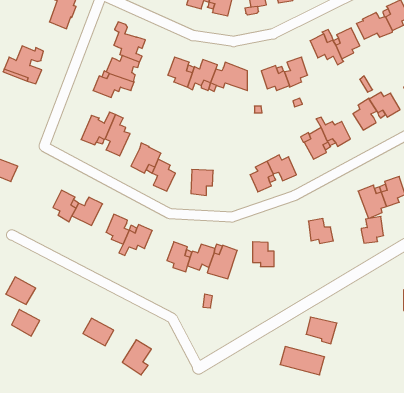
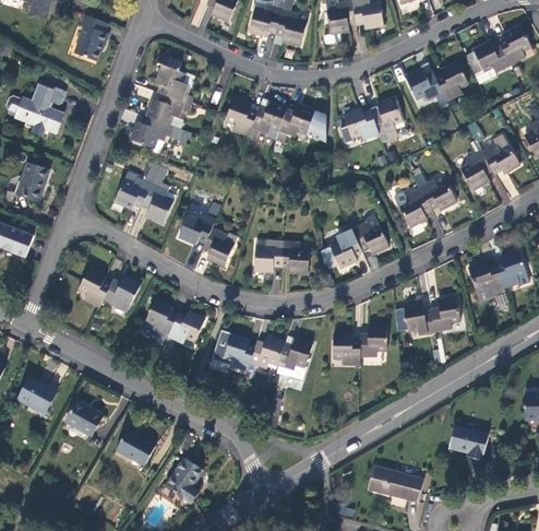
building: none -> [15,163,48,201]
building: none -> [280,241,309,274]
building: [361,216,384,243] -> [431,296,459,330]
building: none -> [359,324,386,356]
building: [12,309,40,336] -> [65,401,101,435]
building: [306,317,337,344] -> [448,425,488,459]

